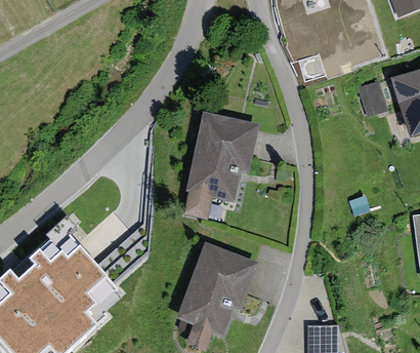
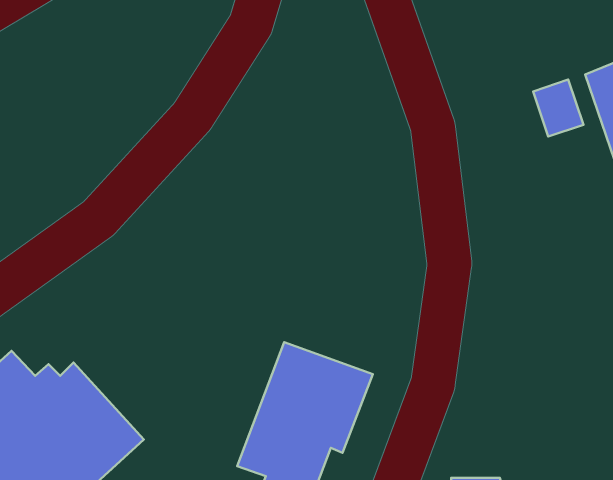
building: [184,111,260,219] -> none

